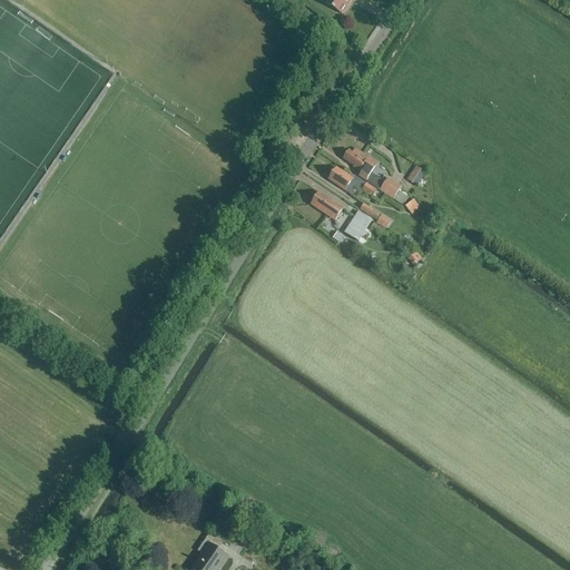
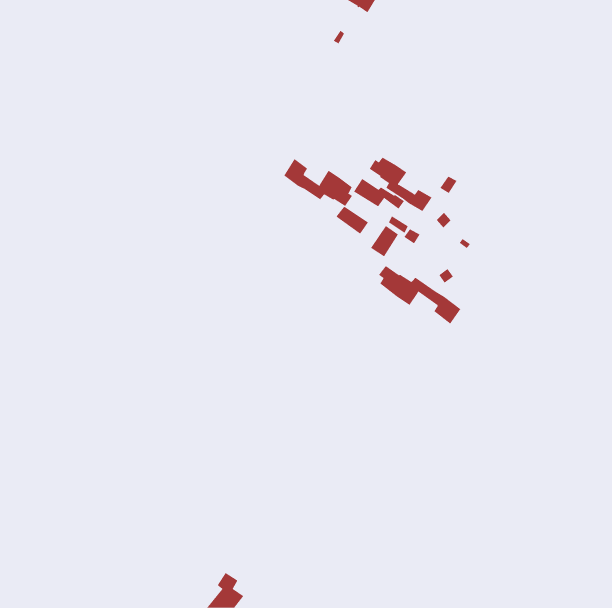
building: none -> [283,158,353,207]
building: none -> [378,265,461,324]

